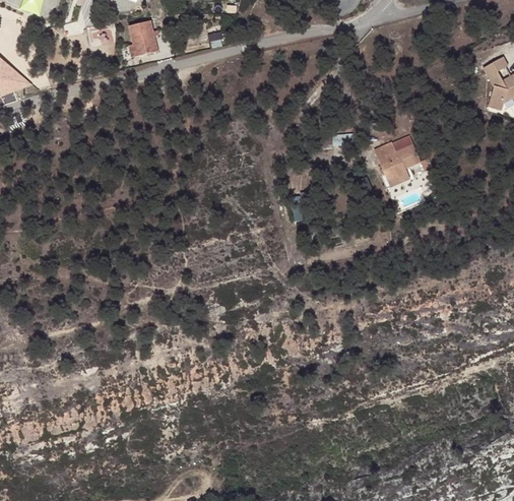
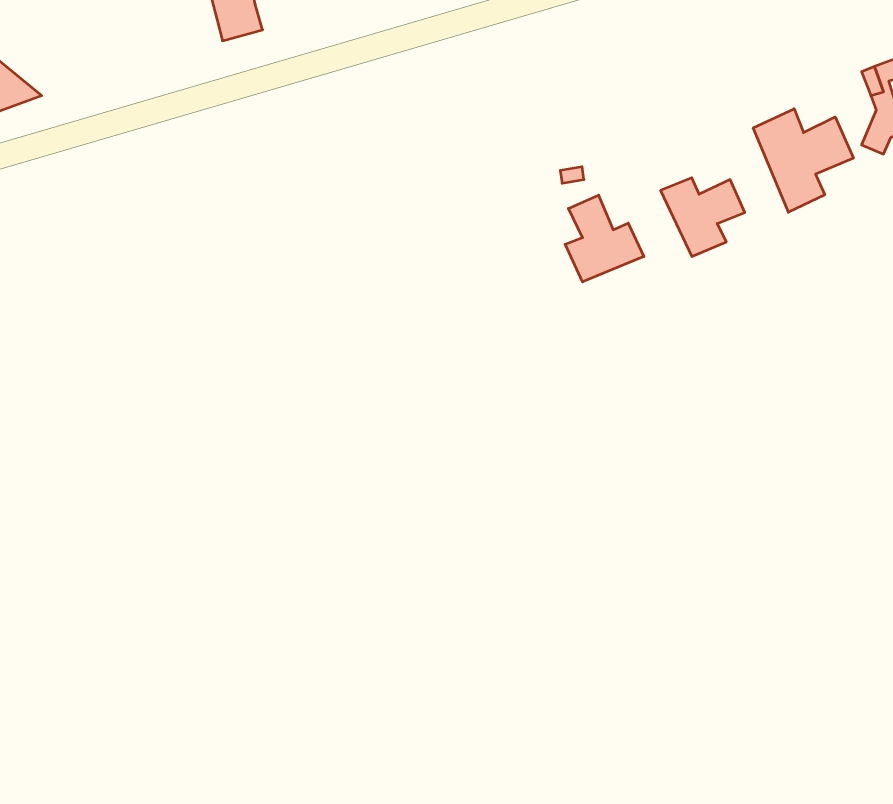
building: none -> [753,109,853,212]
building: none -> [565,195,644,282]

